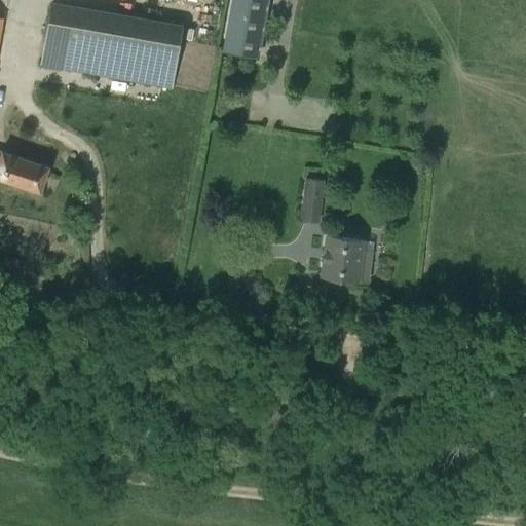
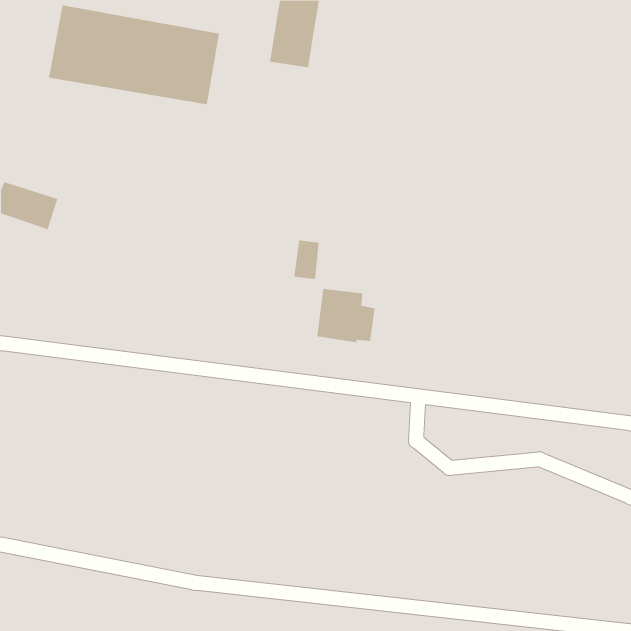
building: [302,178,324,211] -> [294,240,320,279]
building: [323,236,372,281] -> [316,288,376,343]

